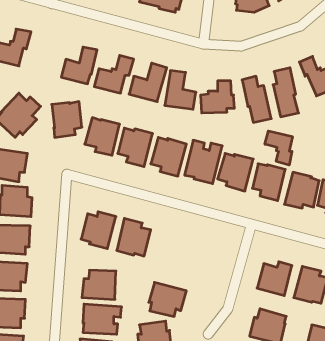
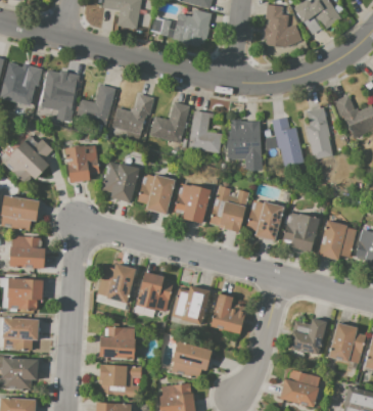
building: none -> [42,71,80,112]
building: [265,131,292,165] -> none
building: none -> [172,285,209,325]
building: none -> [211,293,246,334]

